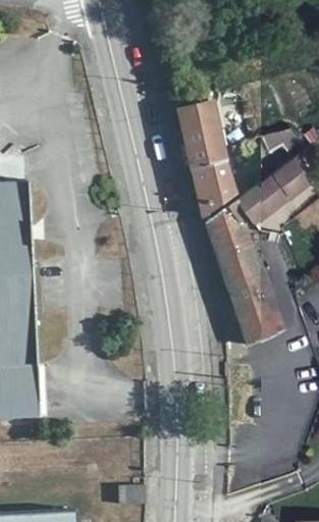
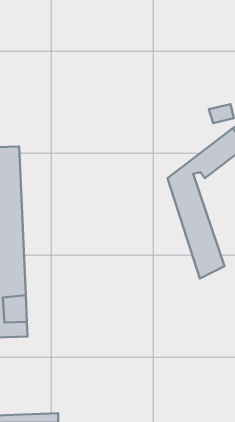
building: [180,106,233,219] -> none

